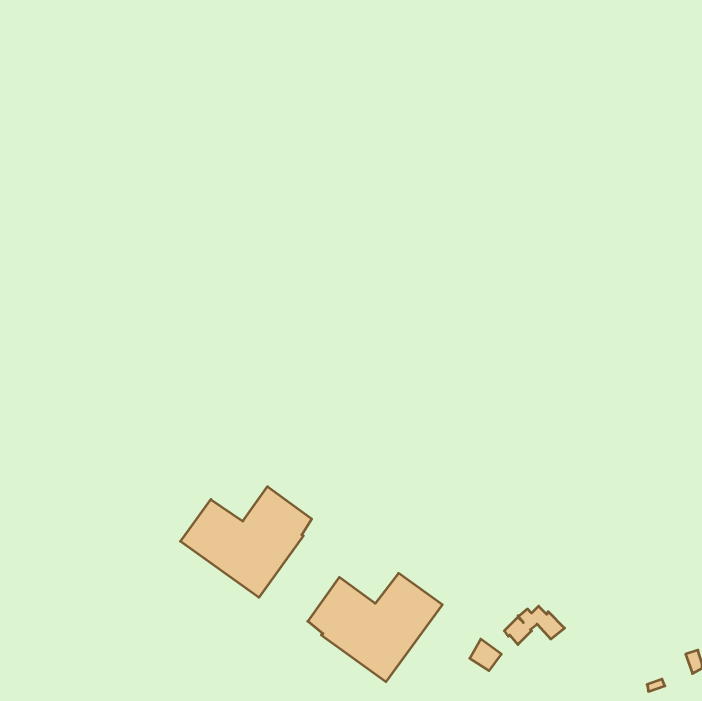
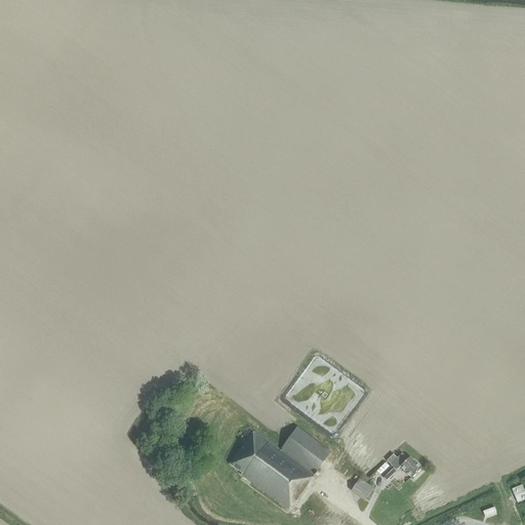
building: [180,487,312,597] -> none

